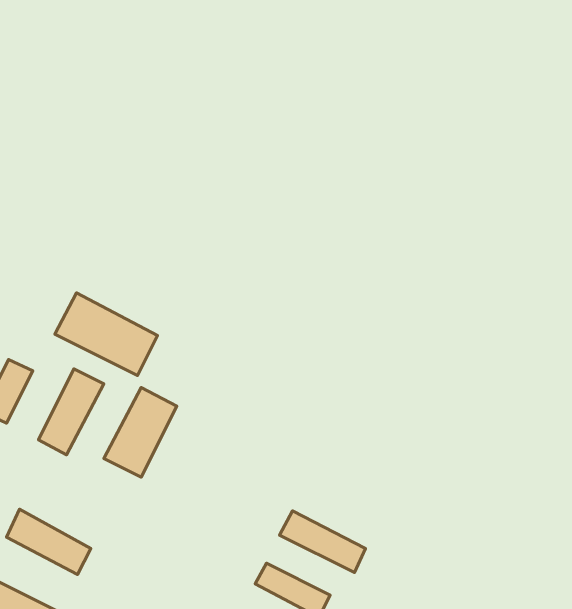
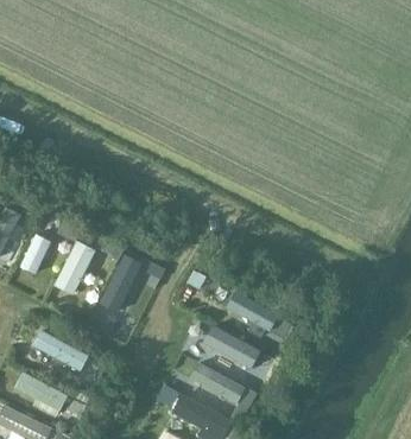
building: [55,293,158,376] -> none
building: none -> [226,292,279,332]

